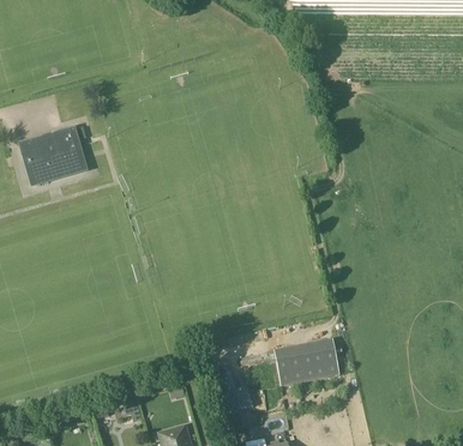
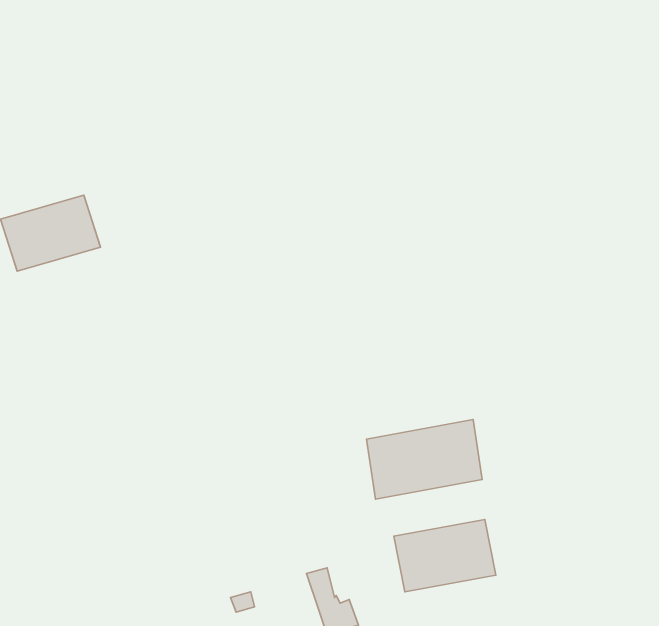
building: none -> [366,419,482,499]

